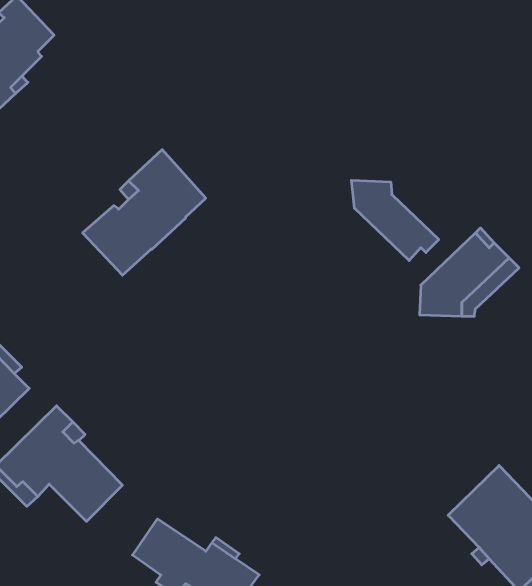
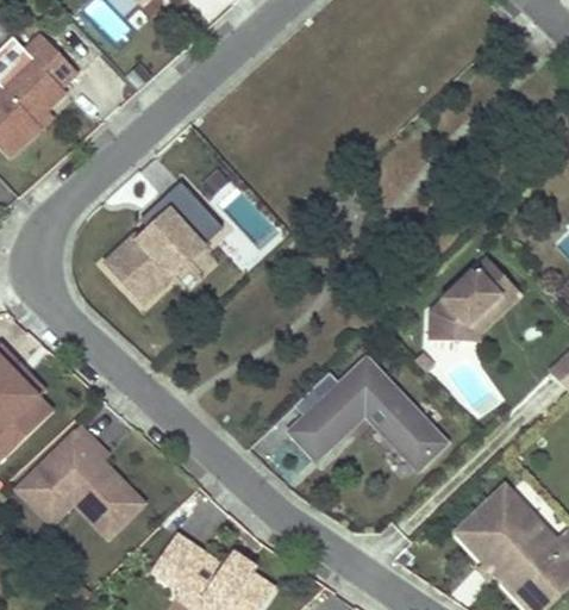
building: [351,180,439,261] -> none
building: none -> [293,362,442,466]

